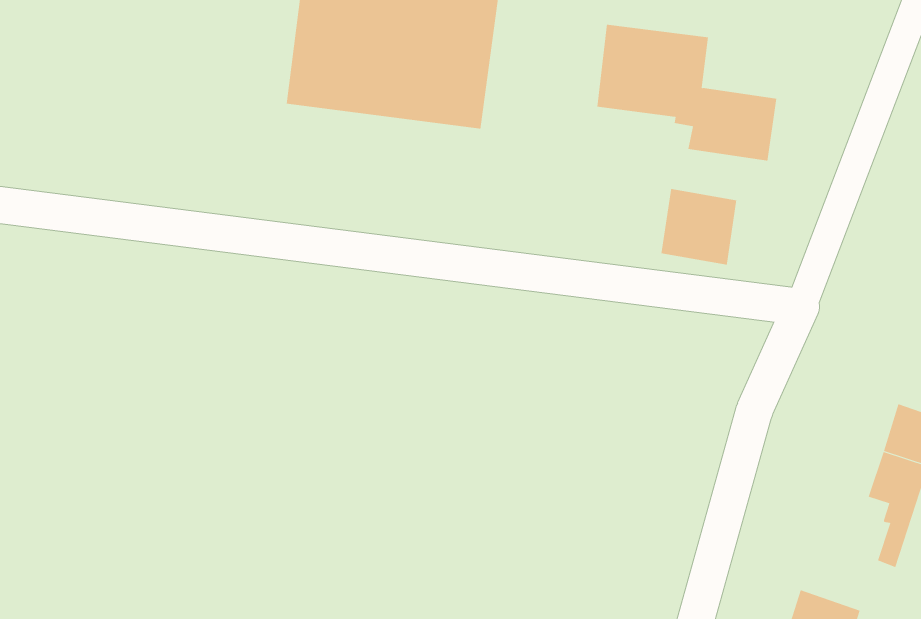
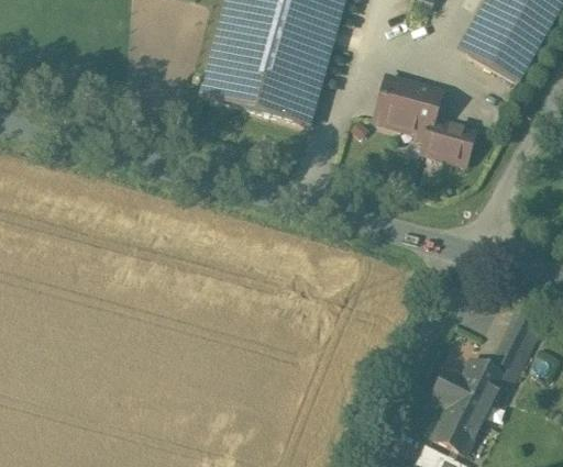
building: [661,188,737,265] -> none
building: none -> [431,358,503,421]

